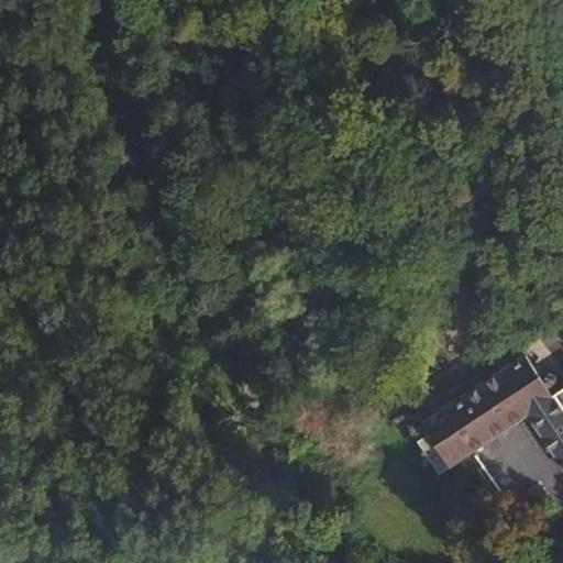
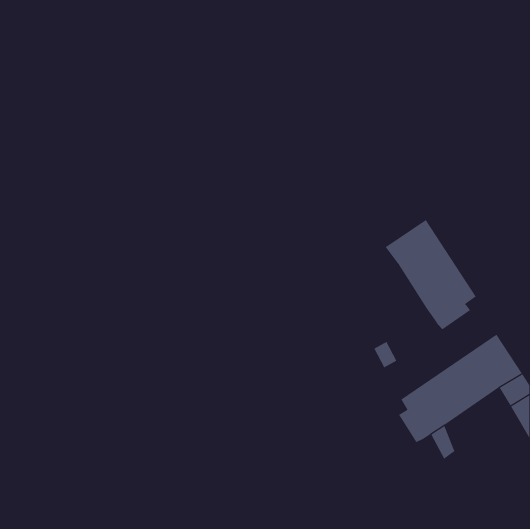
building: none -> [385,219,476,330]

